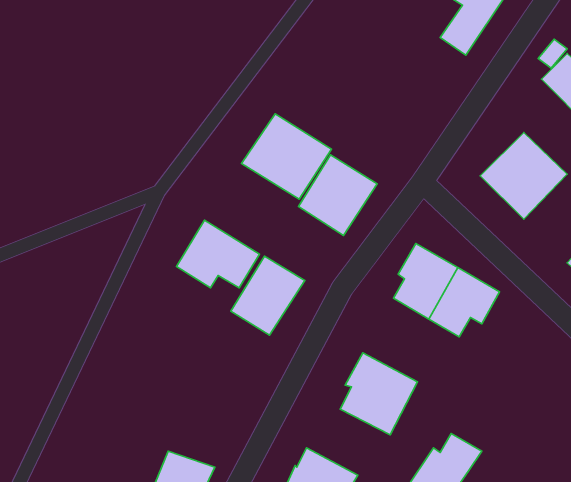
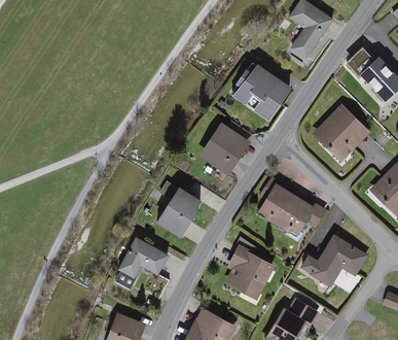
building: [241,114,331,199] -> [232,64,290,118]
building: [177,220,259,288] -> none
building: none -> [299,234,367,287]
building: none -> [118,238,168,278]

